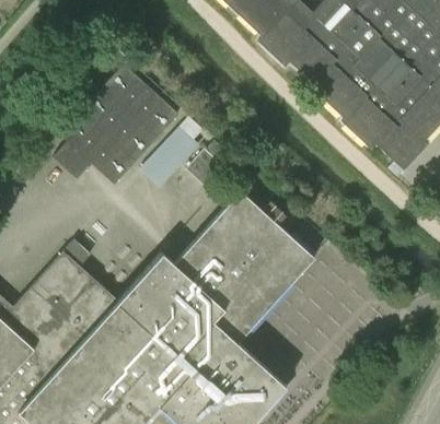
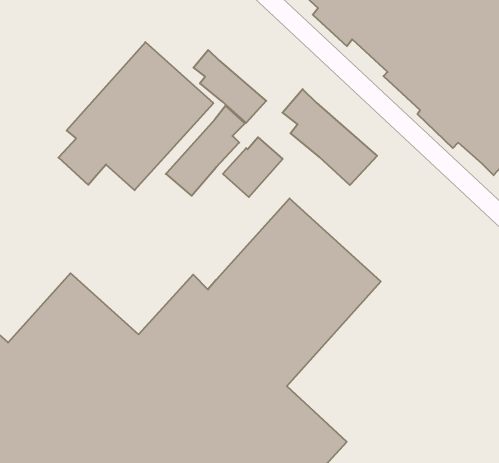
building: none -> [193,50,266,123]
building: none -> [282,89,377,185]

